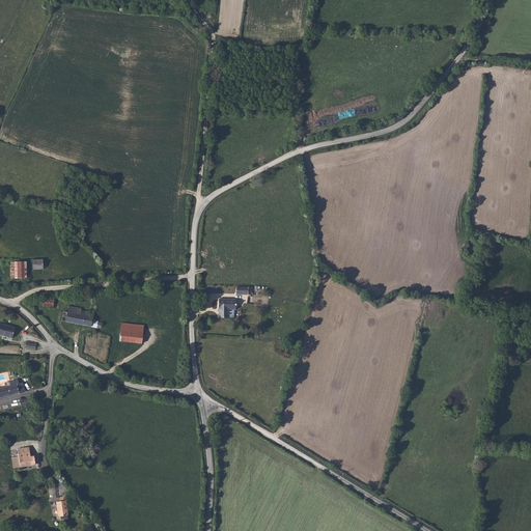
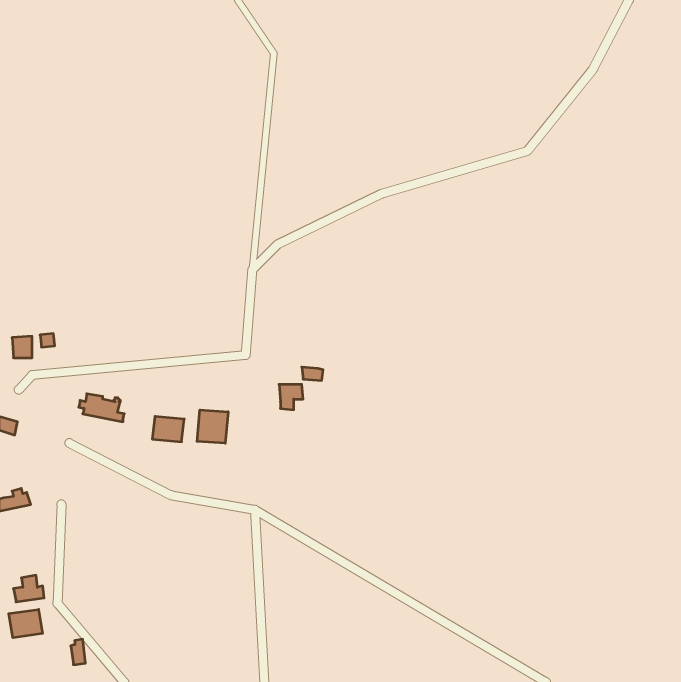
building: none -> [197,410,228,443]
building: none -> [9,609,43,638]

